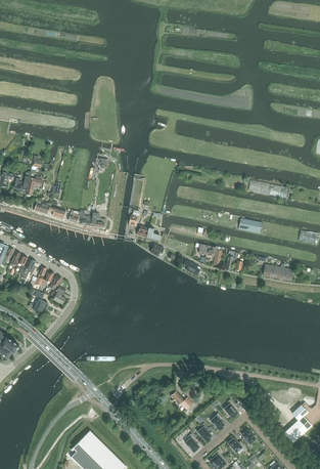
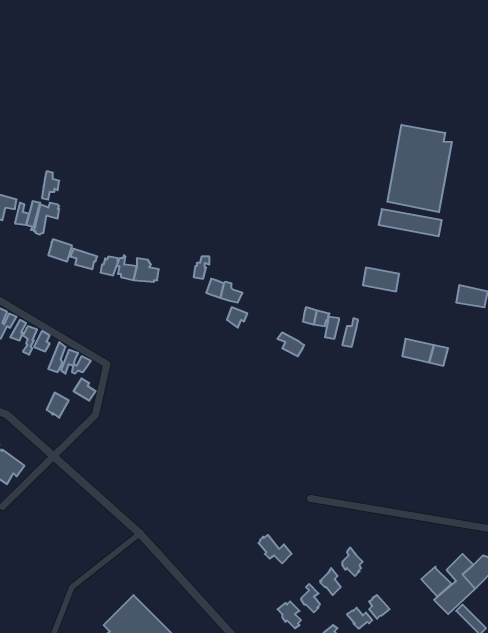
building: none -> [387,125,452,212]

